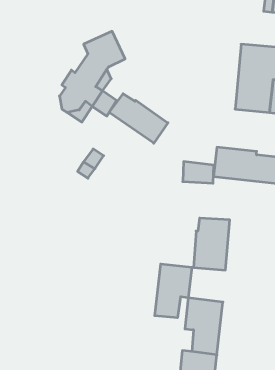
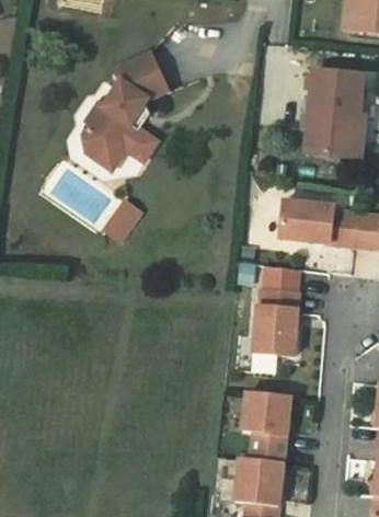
building: [109,94,168,143] -> none
building: [183,162,214,183] -> [261,265,300,292]
building: [155,264,192,318] -> none

